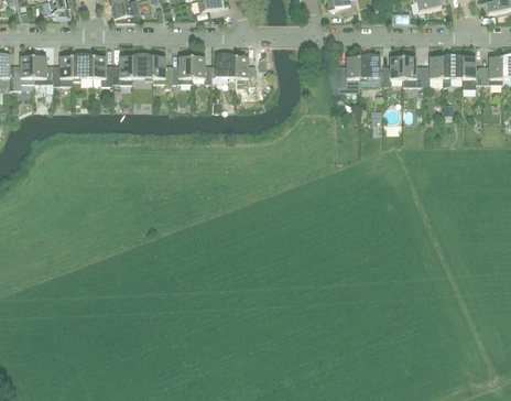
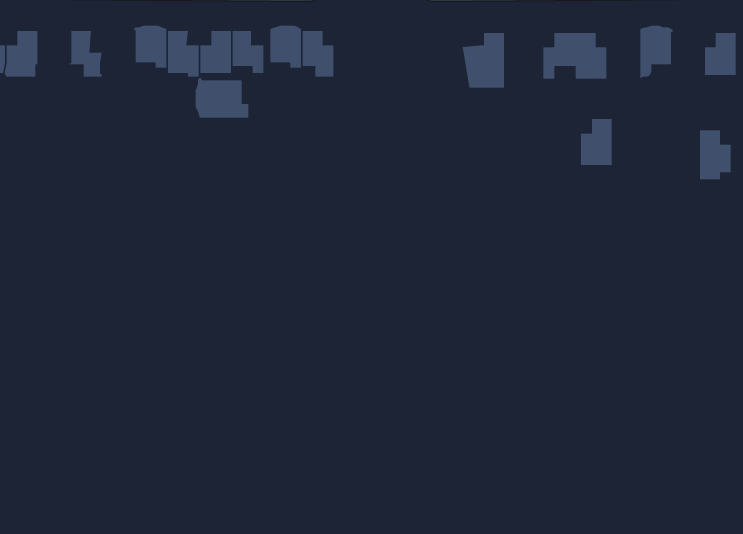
building: [72,53,93,79] -> none
building: [111,53,132,83] -> none
building: [359,53,379,85] -> none
building: [422,57,442,86] -> [580,119,613,165]
building: [461,57,481,88] -> [699,130,732,180]
building: none -> [195,77,249,118]

